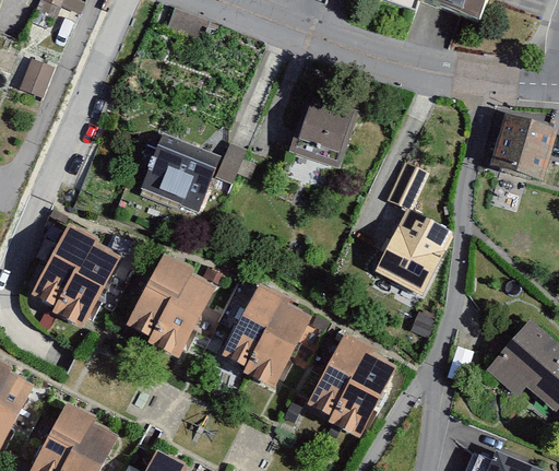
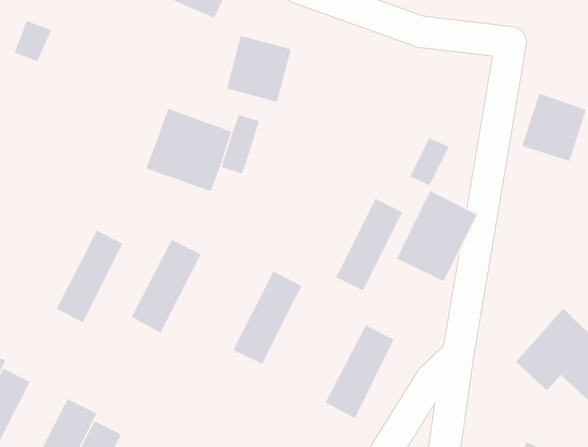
building: [296,93,357,156] -> [226,35,292,103]
building: [31,223,97,311] -> none
building: [151,273,215,361] -> none
building: [246,303,309,390] -> [335,198,403,292]
building: [332,353,395,440] -> none

